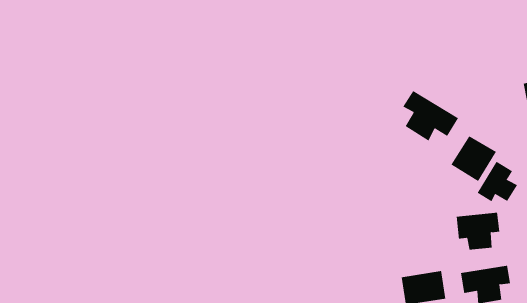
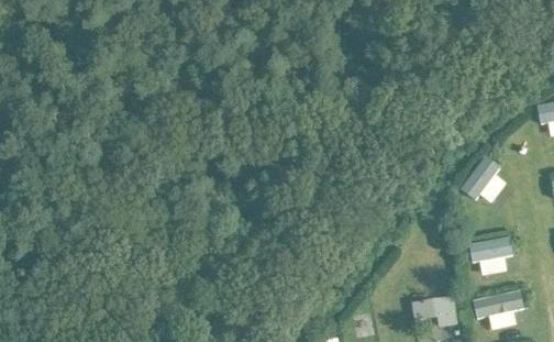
building: [403,90,459,141] -> none
building: [477,161,518,202] -> none

